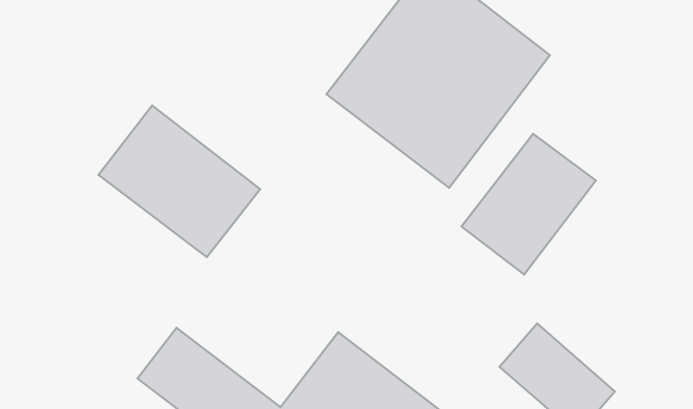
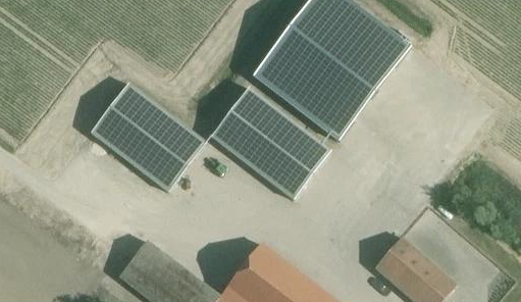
building: none -> [211,87,330,198]
building: [461,134,596,274] -> none

